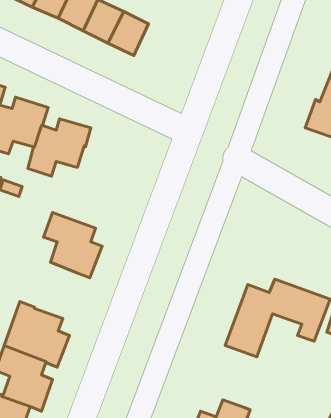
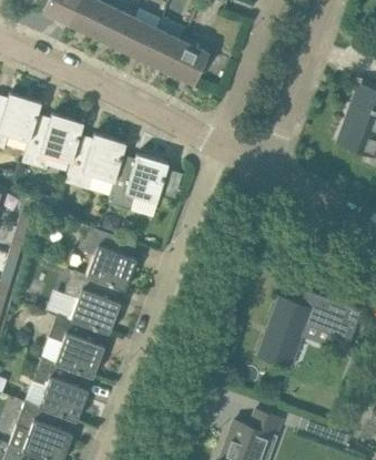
building: none -> [169,41,209,84]
building: none -> [106,154,169,211]
building: none -> [64,270,121,334]

